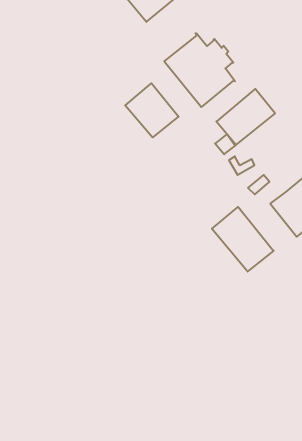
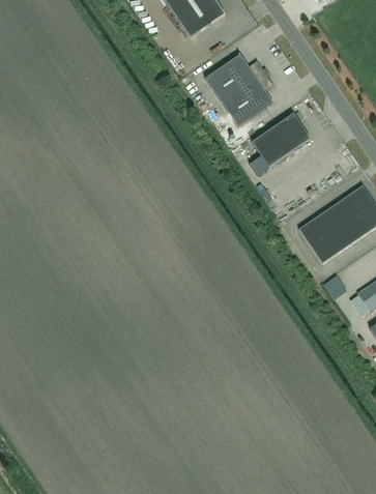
building: [125,83,179,137] -> none
building: [212,207,274,272] -> none

